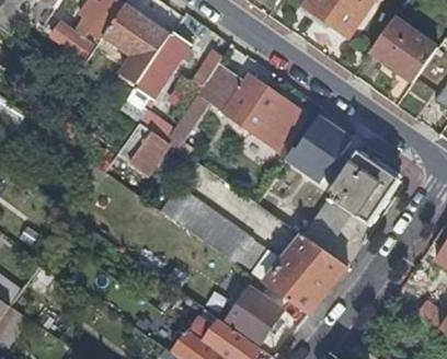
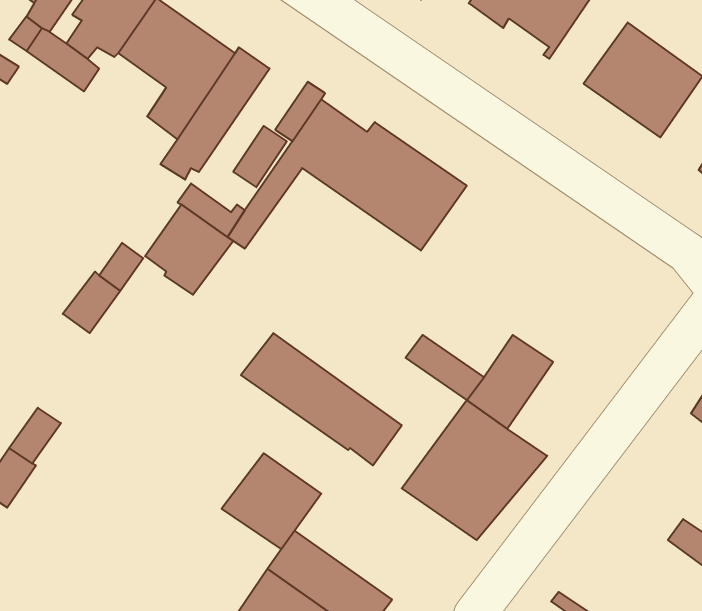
building: [286,121,347,181] -> none
building: [328,151,400,224] -> none
building: [224,288,280,343] -> [222,453,321,549]

